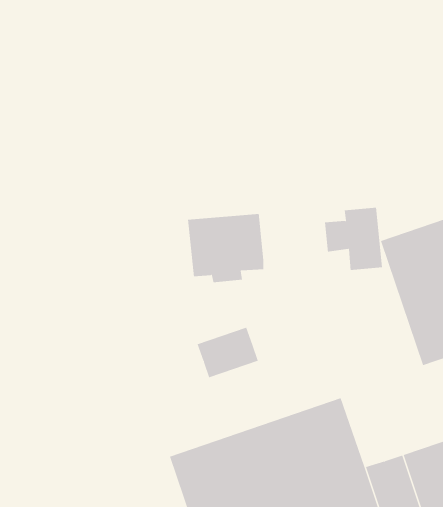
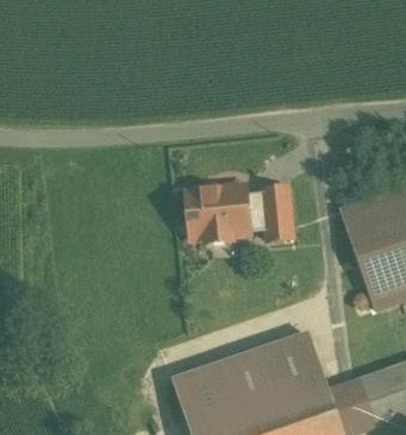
building: [324,207,383,270] -> [245,186,292,237]
building: [197,327,259,378] -> none

